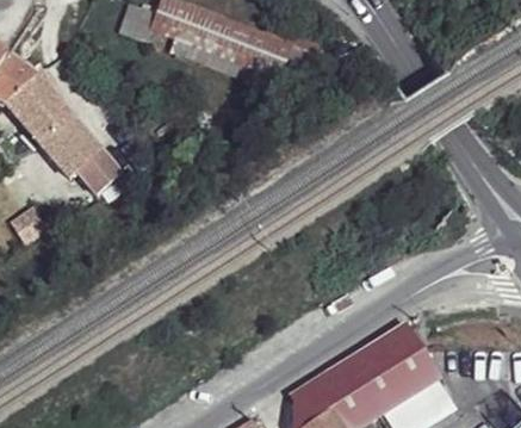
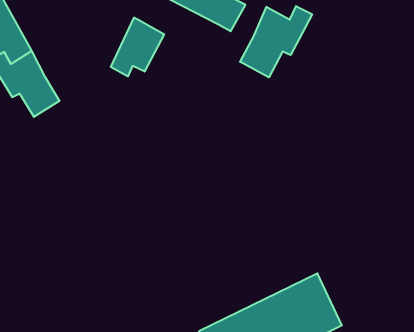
building: none -> [240,6,312,77]
building: none -> [111,18,164,76]

